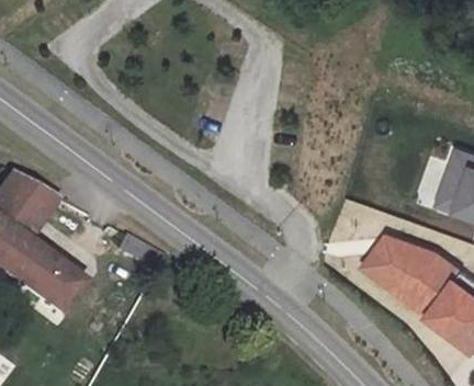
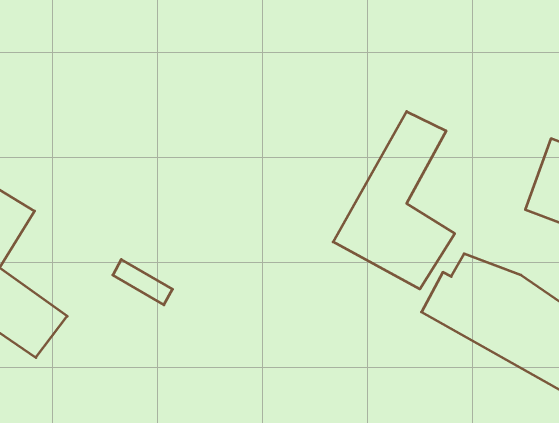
building: none -> [333,111,455,289]

